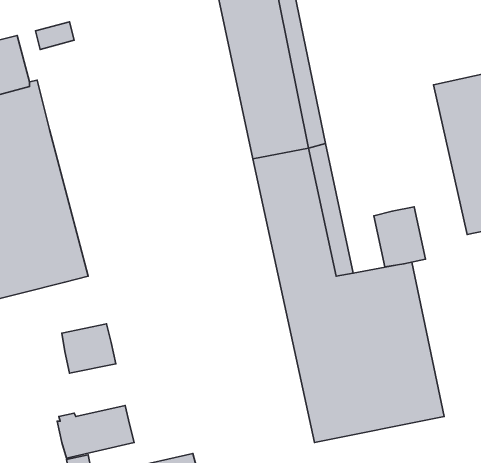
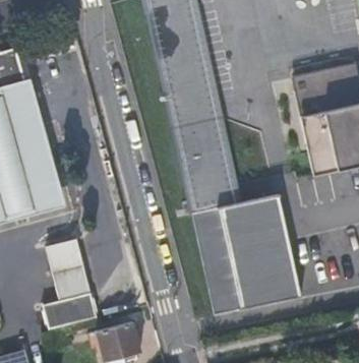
building: [374,207,426,267] -> none
building: none -> [52,263,87,296]

